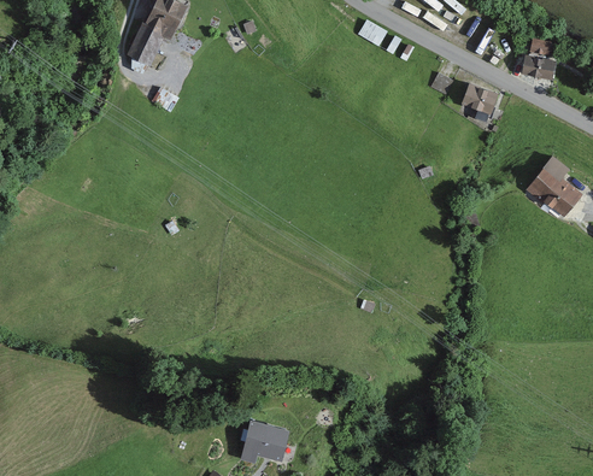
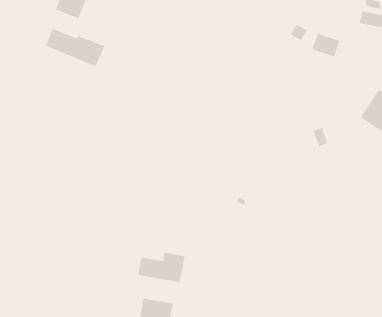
building: none -> [45,28,105,67]
building: none -> [137,252,185,283]

